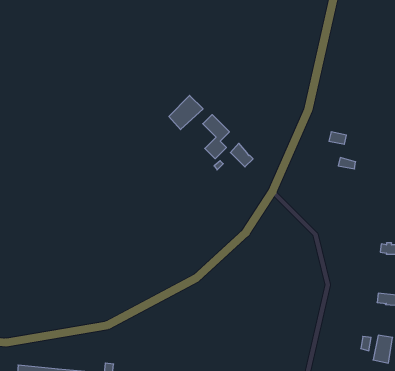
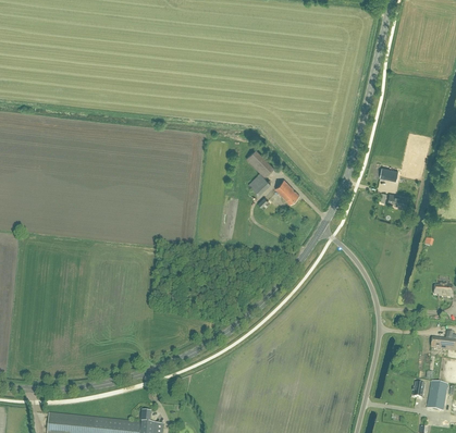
building: [169,95,203,130] -> none

